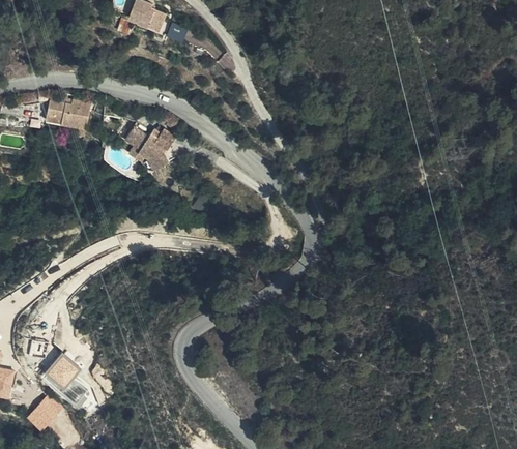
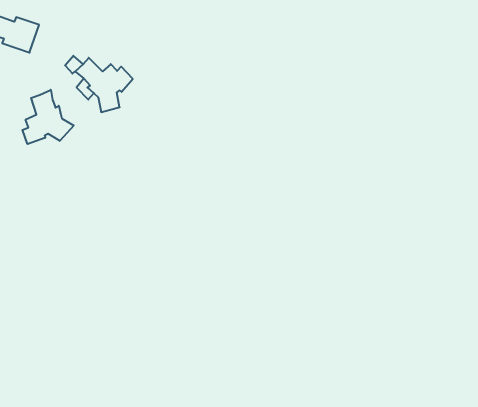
building: none -> [22,90,74,144]

